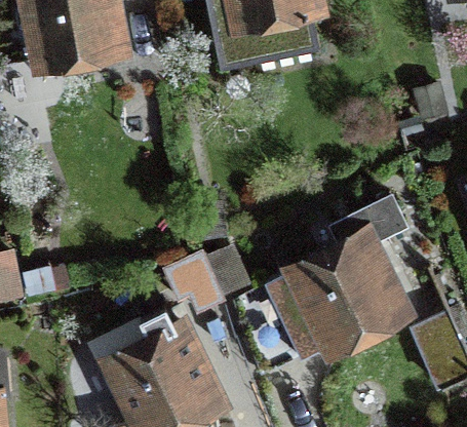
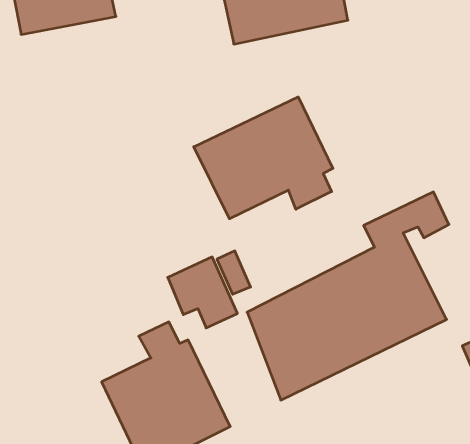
building: none -> [194,97,333,219]

